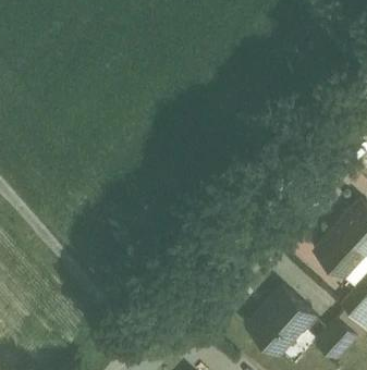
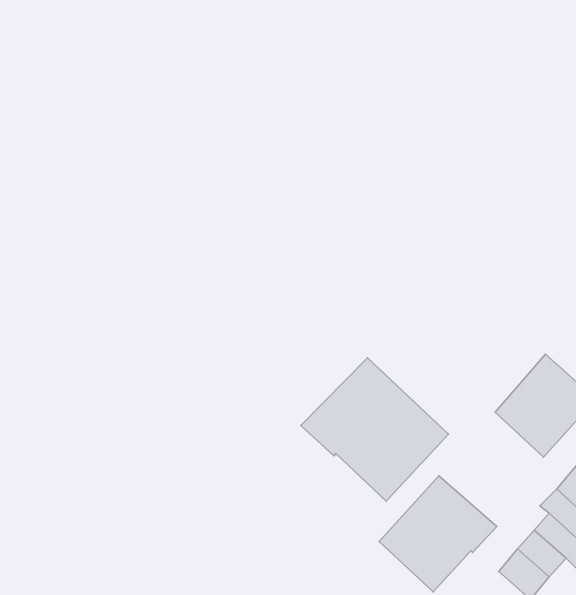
building: none -> [301,358,448,501]

